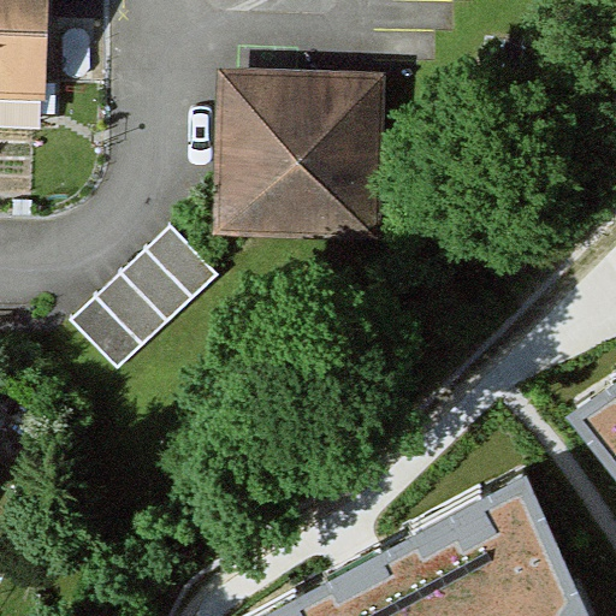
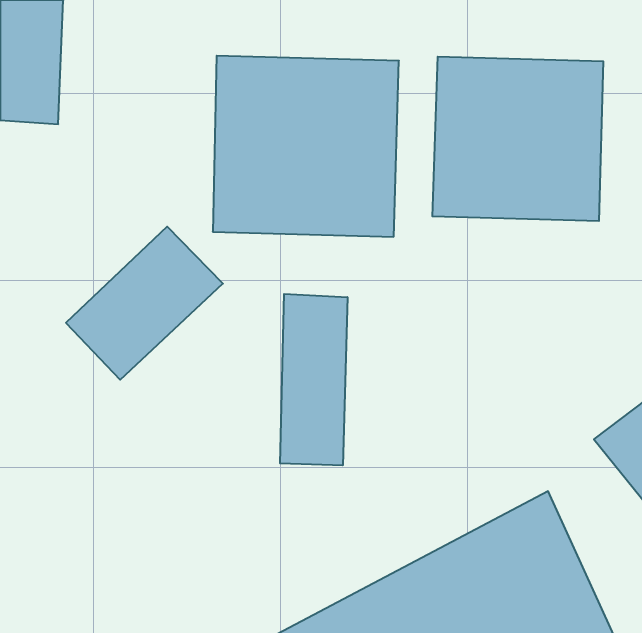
building: none -> [432,57,603,221]
building: none -> [280,294,347,465]

